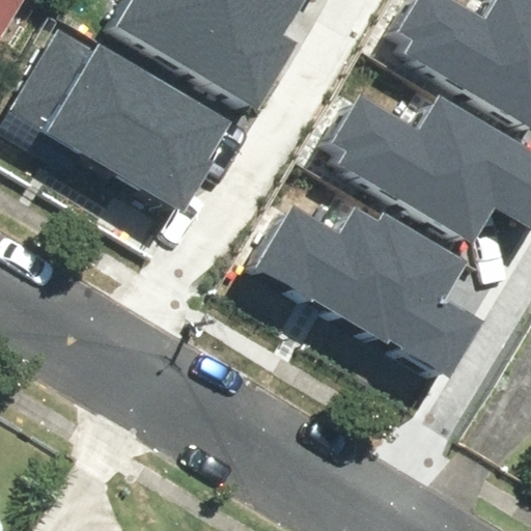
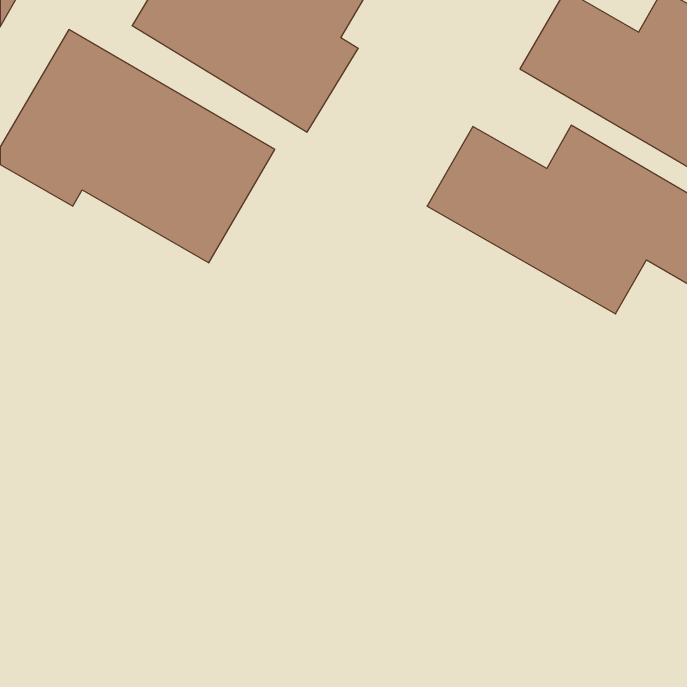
building: [259,206,490,383] -> none

